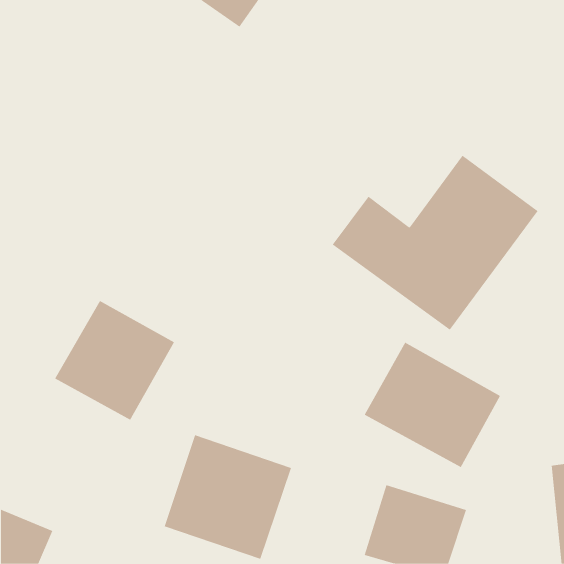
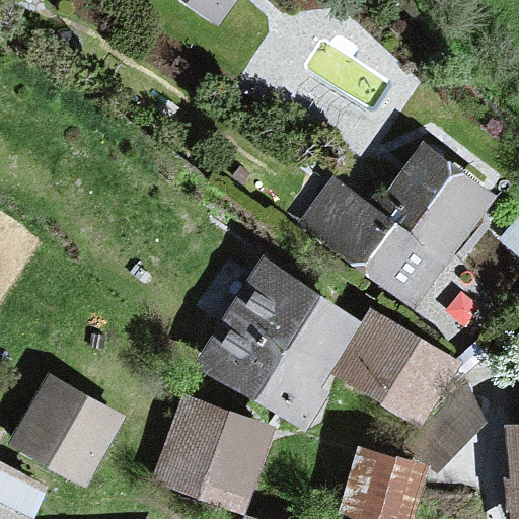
building: none -> [202,260,364,423]
building: [54,300,175,421] -> [9,377,120,488]

